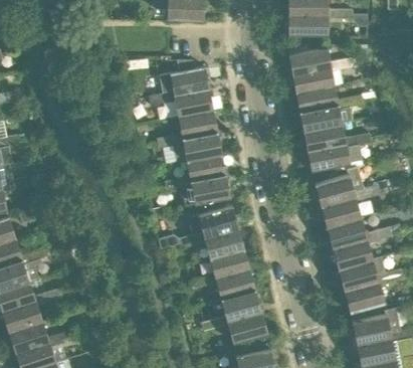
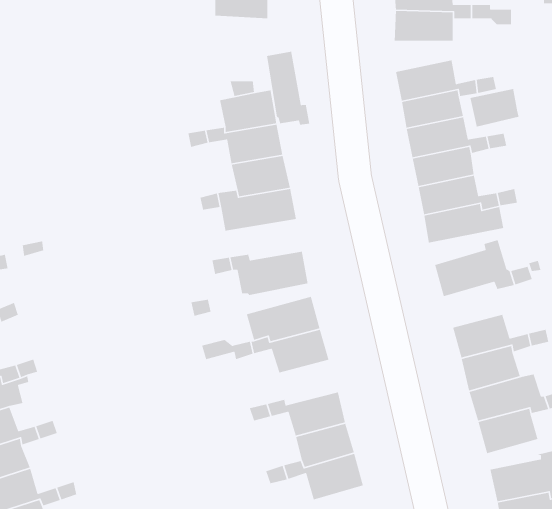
building: none -> [266,51,310,125]
building: none -> [470,88,520,128]
building: [186,154,226,181] -> none
building: [321,196,361,226] -> none
building: [210,248,250,279] -> none

